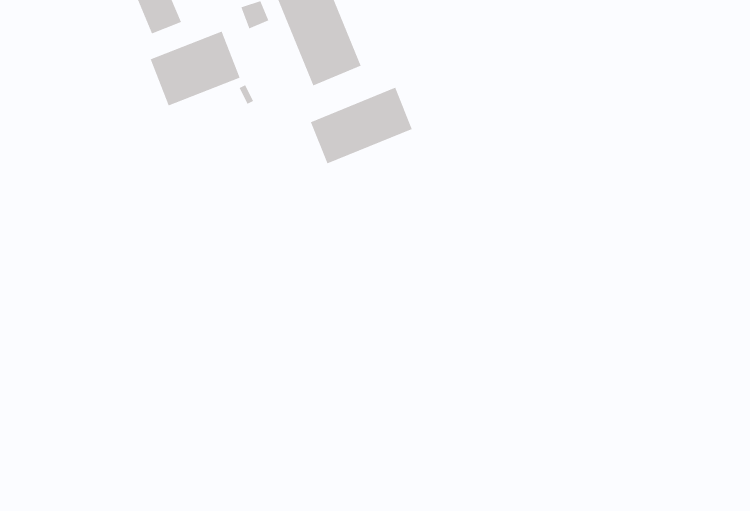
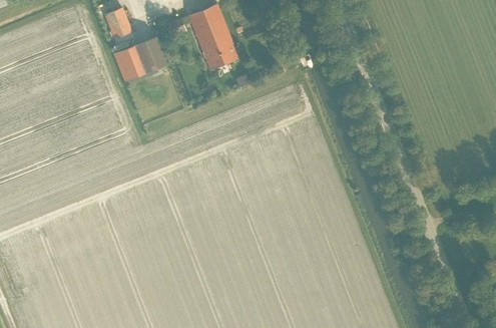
building: [310,87,413,164] -> none

